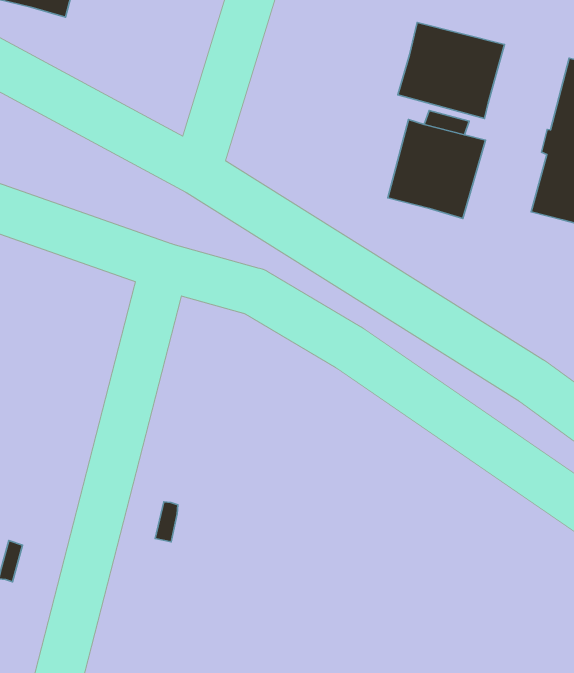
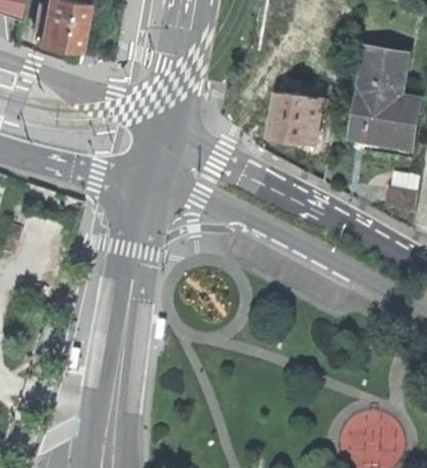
building: [398,22,505,118] -> none

